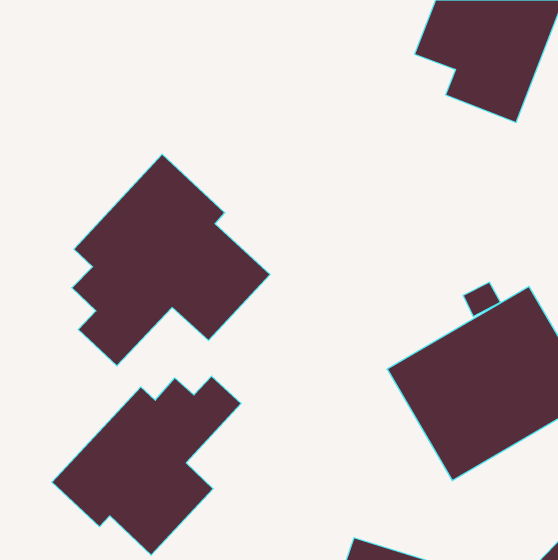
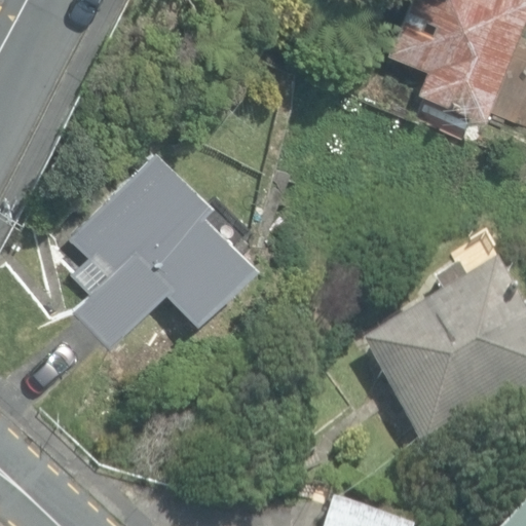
building: [52,376,241,555] -> none

